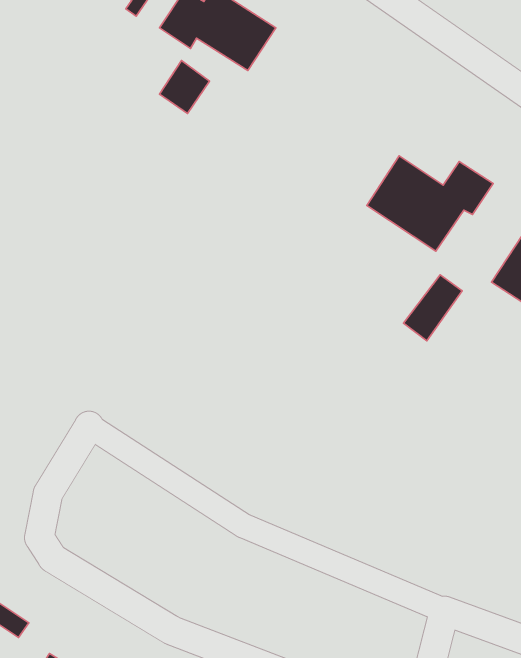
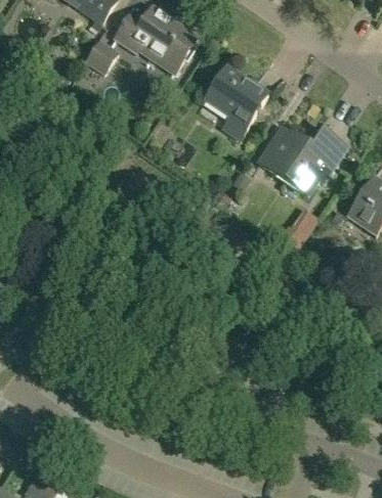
building: [159,61,209,113] -> [84,40,119,77]
building: none -> [205,67,267,138]

